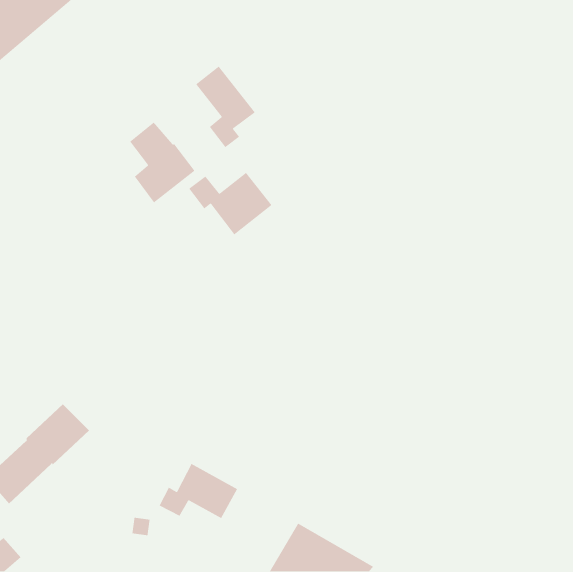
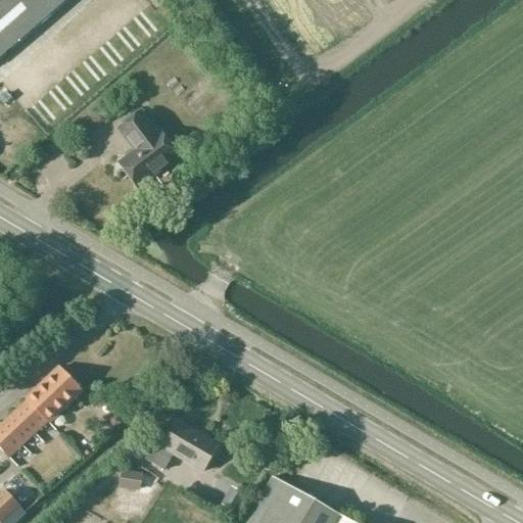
building: [195,65,256,148] -> none
building: [188,172,273,235] -> none

